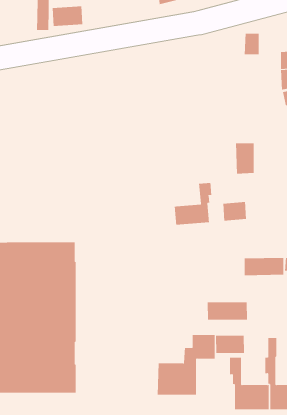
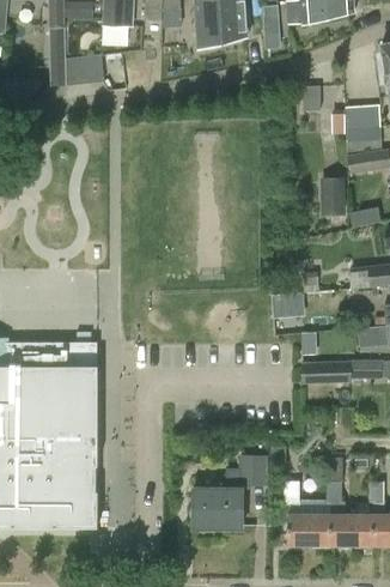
building: [235,143,255,174] -> [319,176,343,214]
building: [174,182,212,226] -> none
building: [207,302,248,321] -> none
building: [215,335,244,354] -> none

